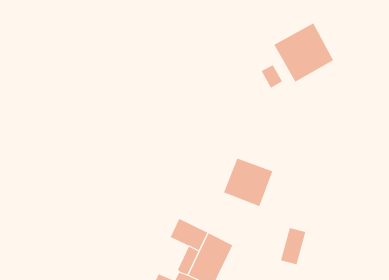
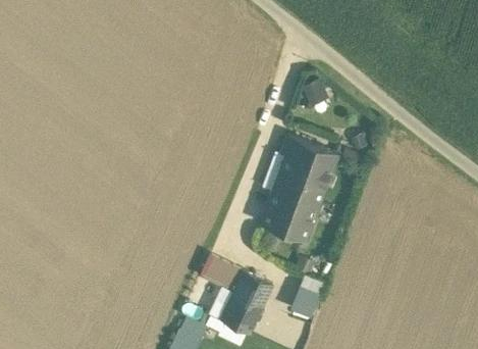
building: [273,22,334,82] -> none
building: none -> [277,139,336,203]
building: [280,227,306,265] -> [290,278,320,320]

